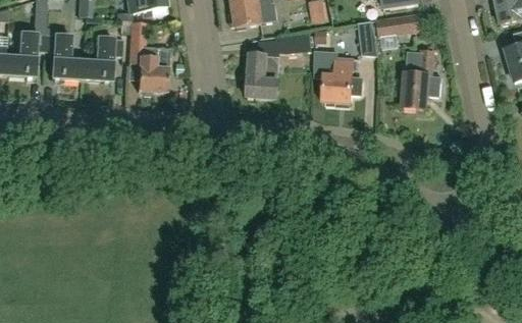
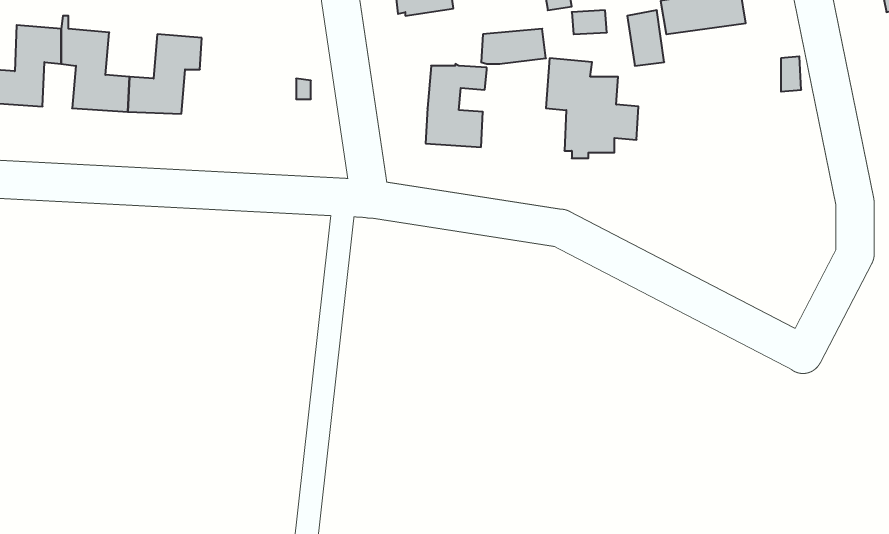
building: [127,22,169,92] -> none
building: [402,49,440,108] -> none

